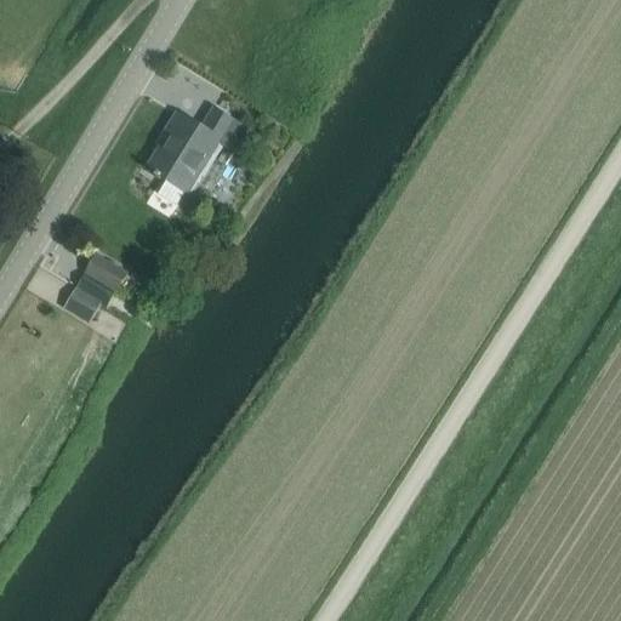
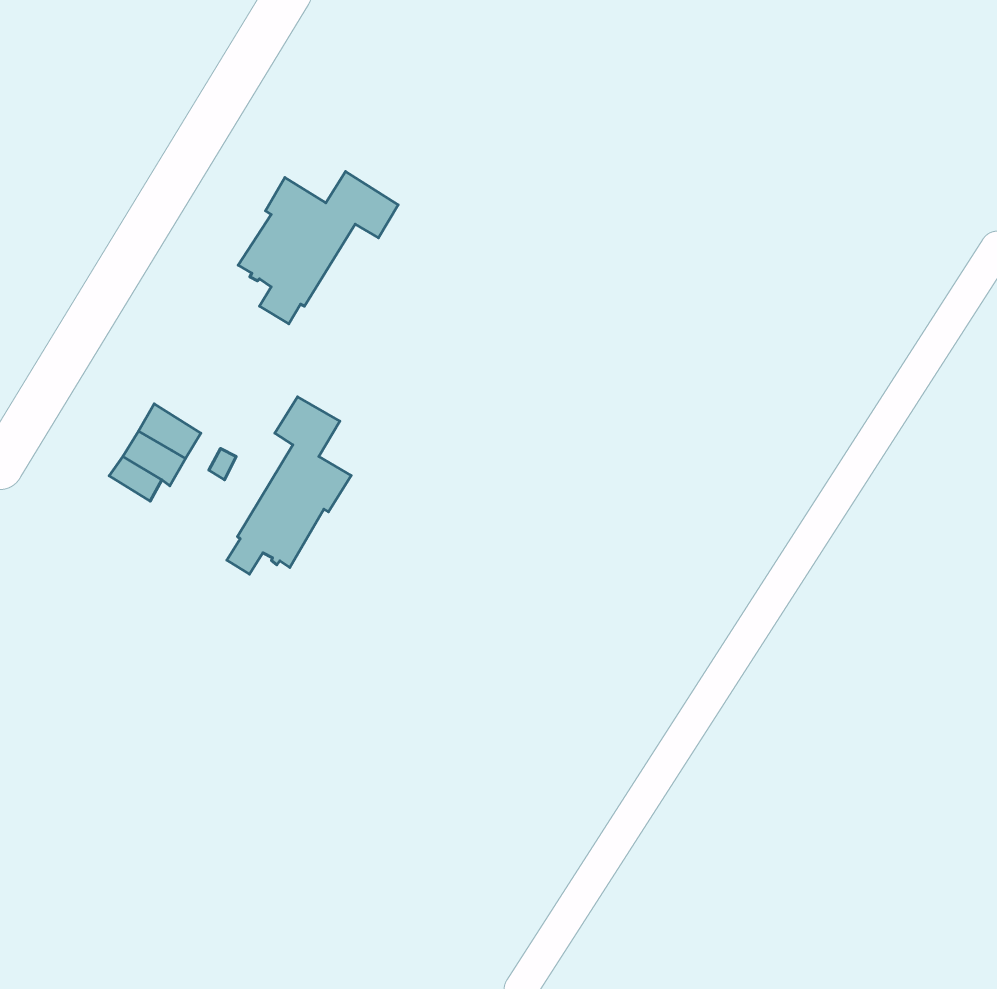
building: none -> [227,397,351,574]

